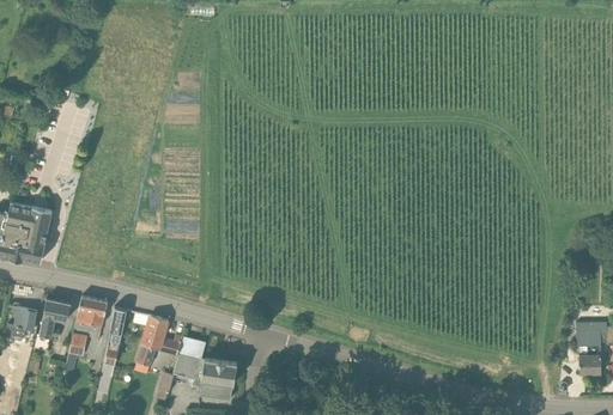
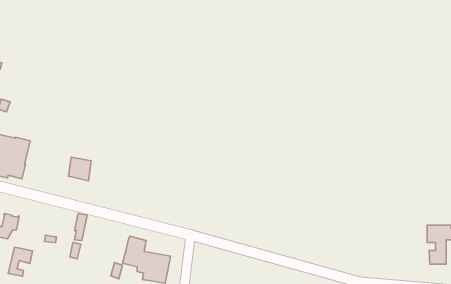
building: [78,297,108,328] -> [68,157,91,181]
building: [38,299,71,337] -> [8,247,33,276]
building: [138,315,169,365] -> none

